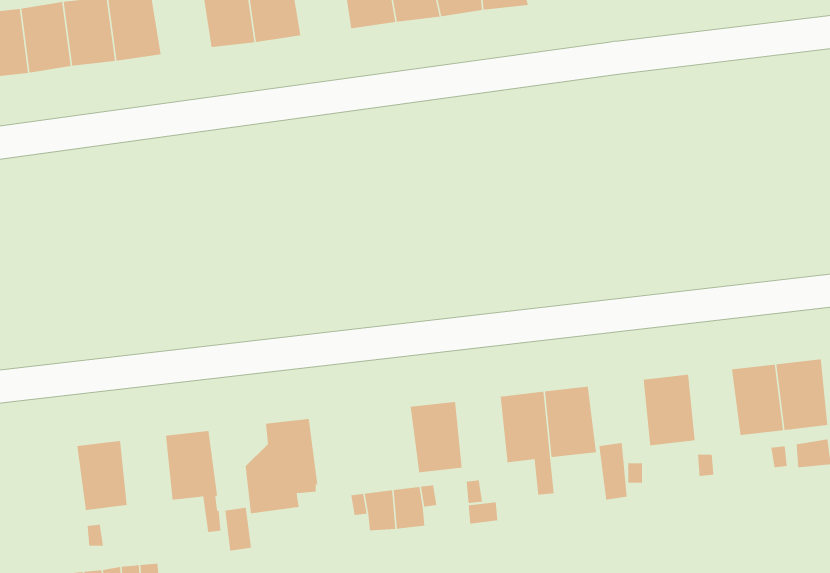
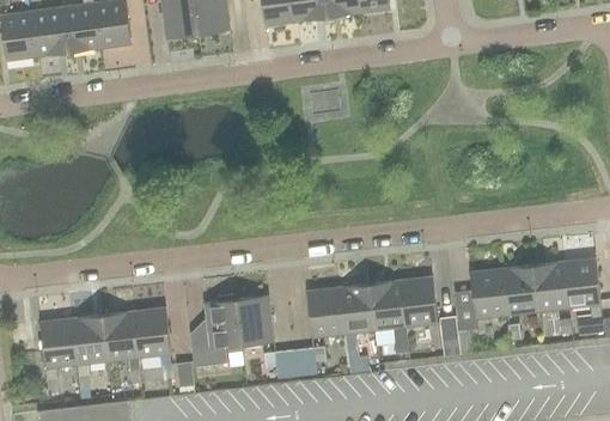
building: none -> [502,264,538,315]
building: none -> [338,283,374,334]
building: none -> [236,295,273,346]
building: none -> [103,311,142,383]
building: none -> [41,318,78,392]

